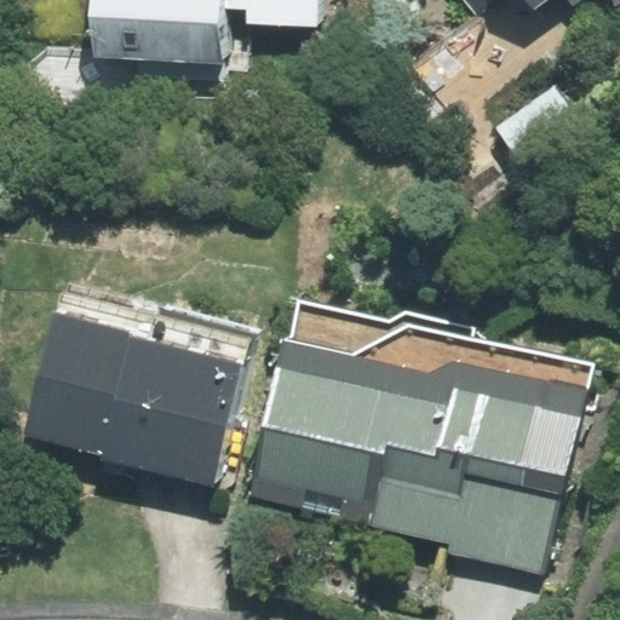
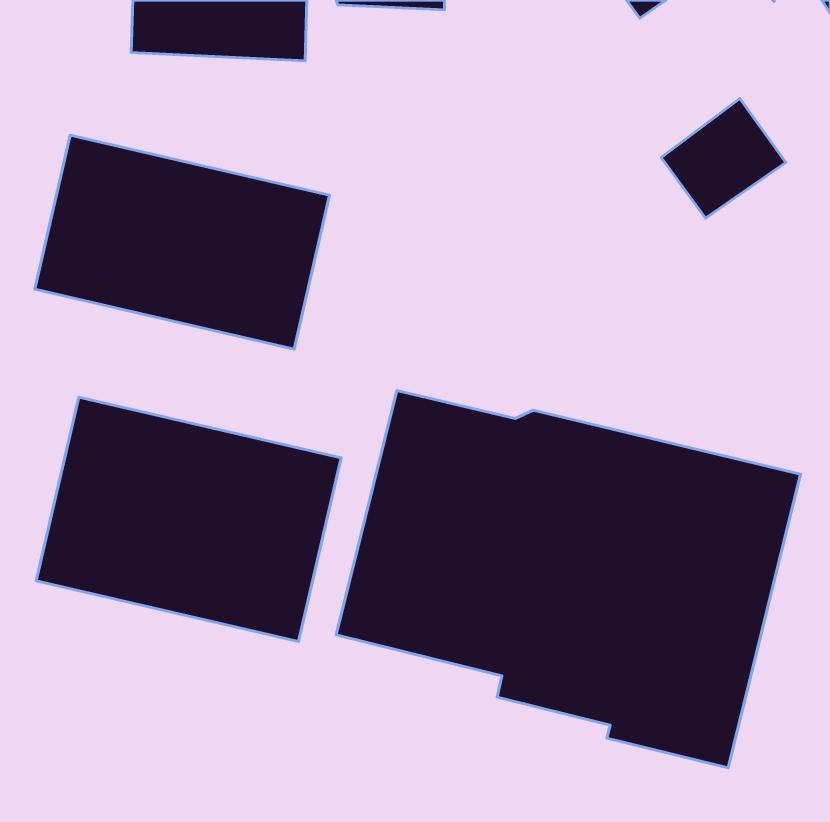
building: none -> [35,135,330,349]

